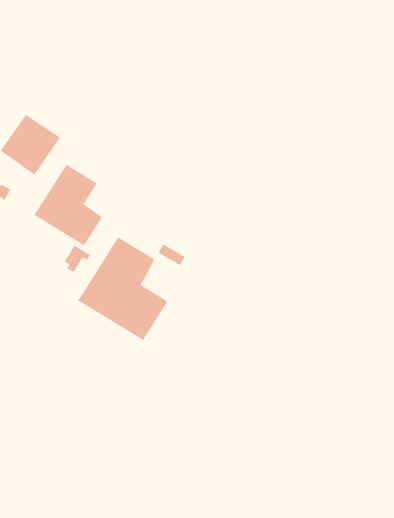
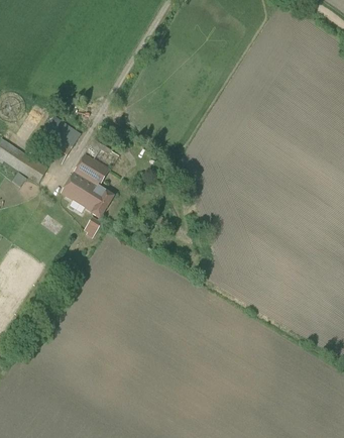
building: [77,237,168,341] -> none

